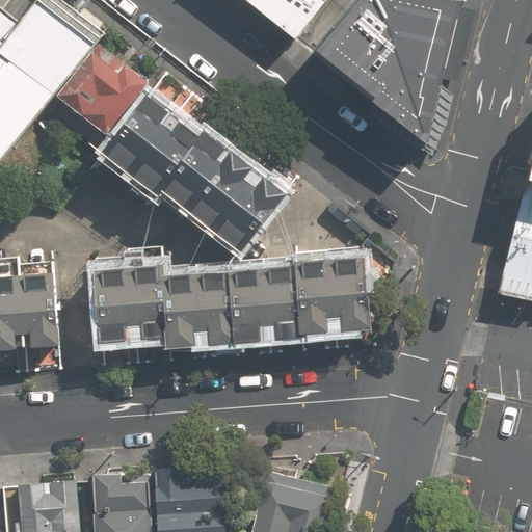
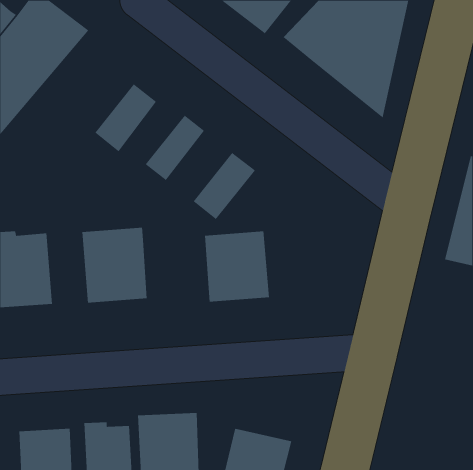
building: [58,52,151,149] -> none
building: [133,118,202,194] -> none
building: [186,151,260,230] -> none
building: [296,255,370,336] -> none
building: [161,268,234,348] -> none

